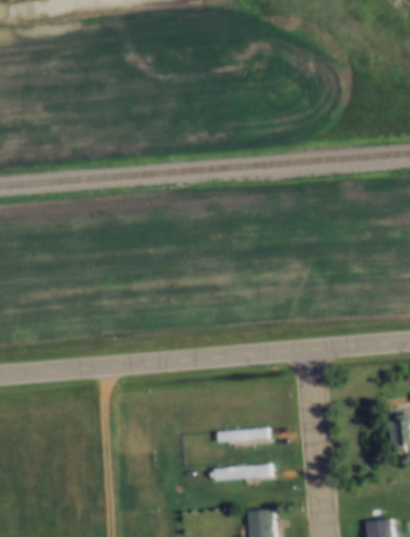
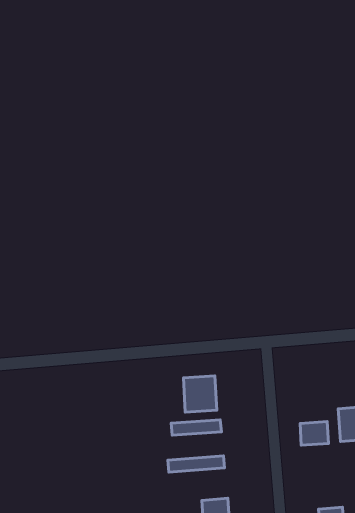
building: none -> [183,376,217,412]
building: none -> [300,422,328,445]

